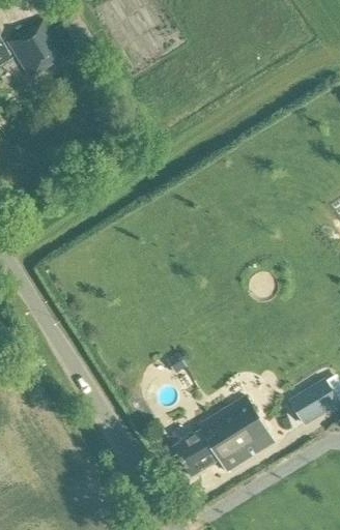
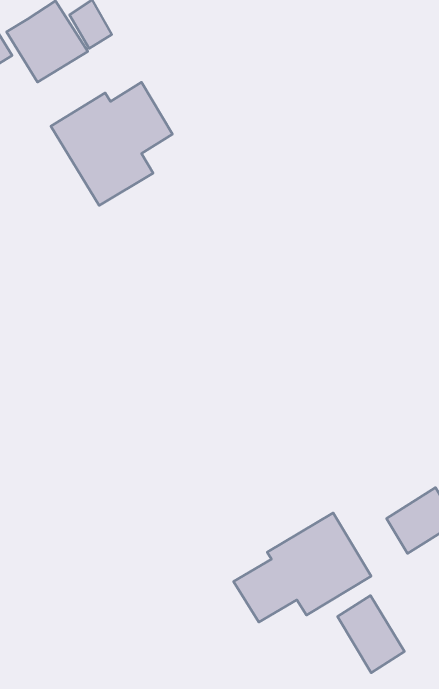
building: none -> [51,82,173,206]
building: none -> [337,595,404,673]

